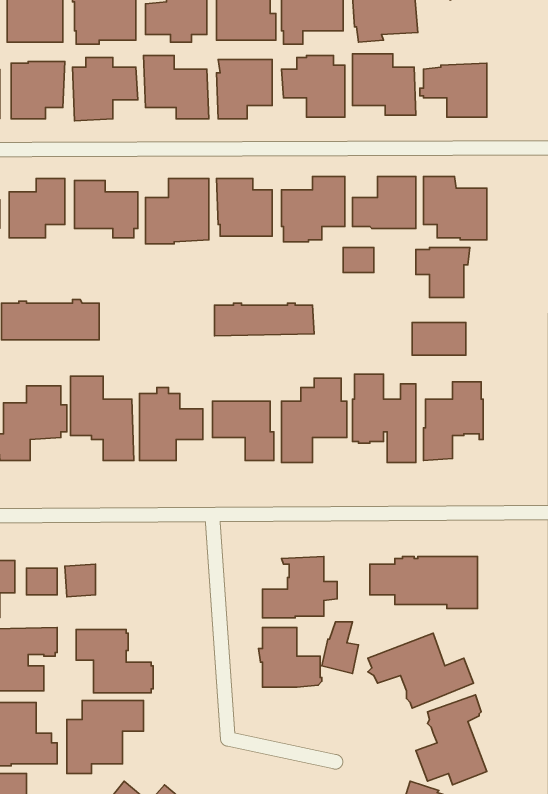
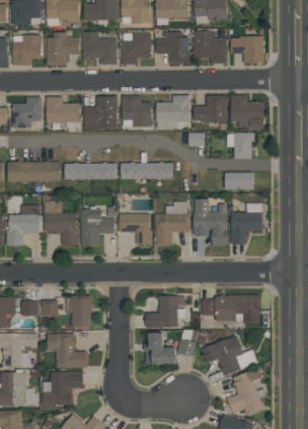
building: none -> [65,162,117,179]
building: none -> [66,295,92,328]

